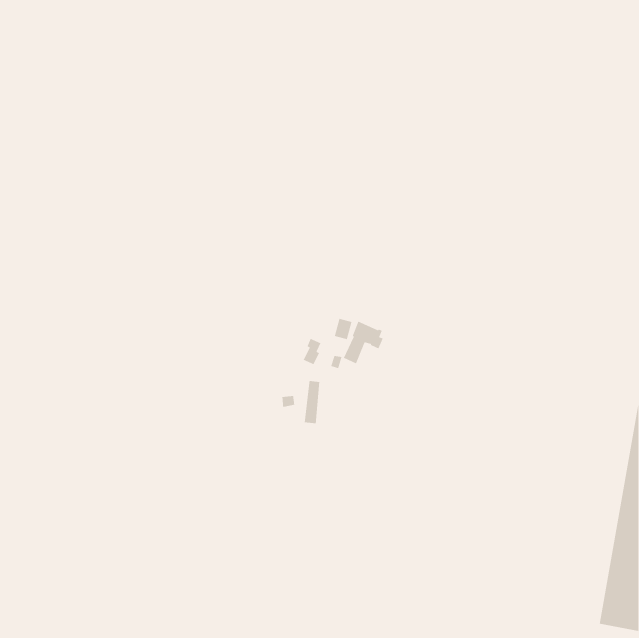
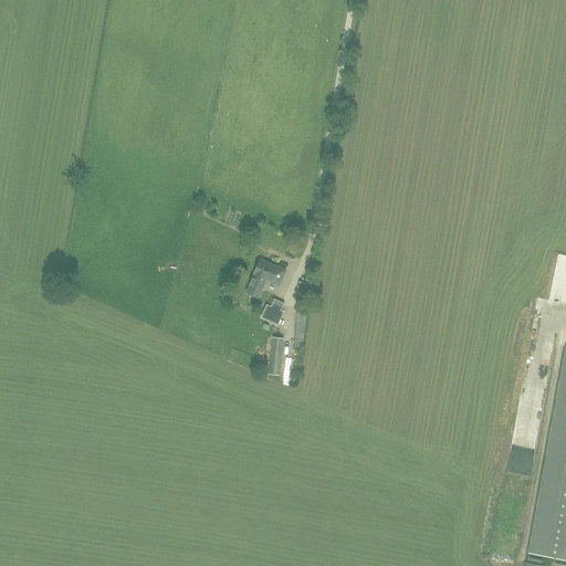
building: [343,321,384,364] -> [247,259,283,297]

